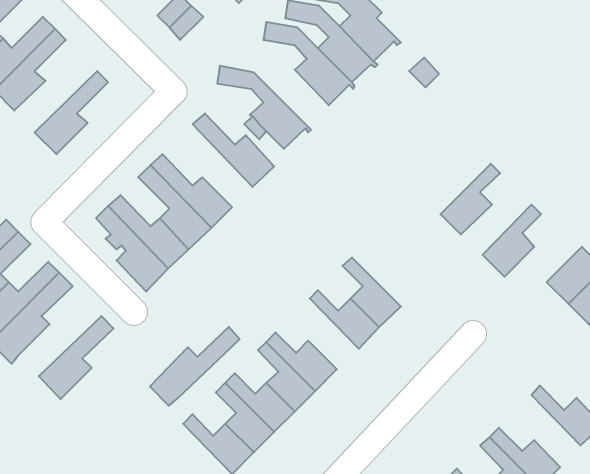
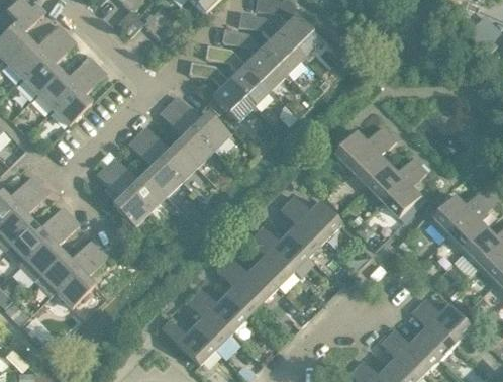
building: none -> [204,45,273,105]
building: none -> [36,56,98,110]
building: none -> [160,104,213,166]
building: none -> [336,126,390,171]
building: none -> [368,157,420,201]
building: none -> [287,196,339,240]
building: none -> [248,233,292,286]
building: [150,327,240,406] -> [34,237,101,296]
building: none -> [413,305,457,359]

